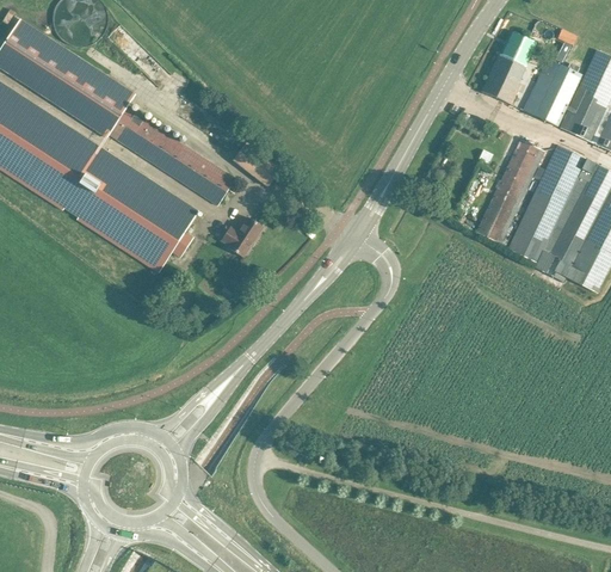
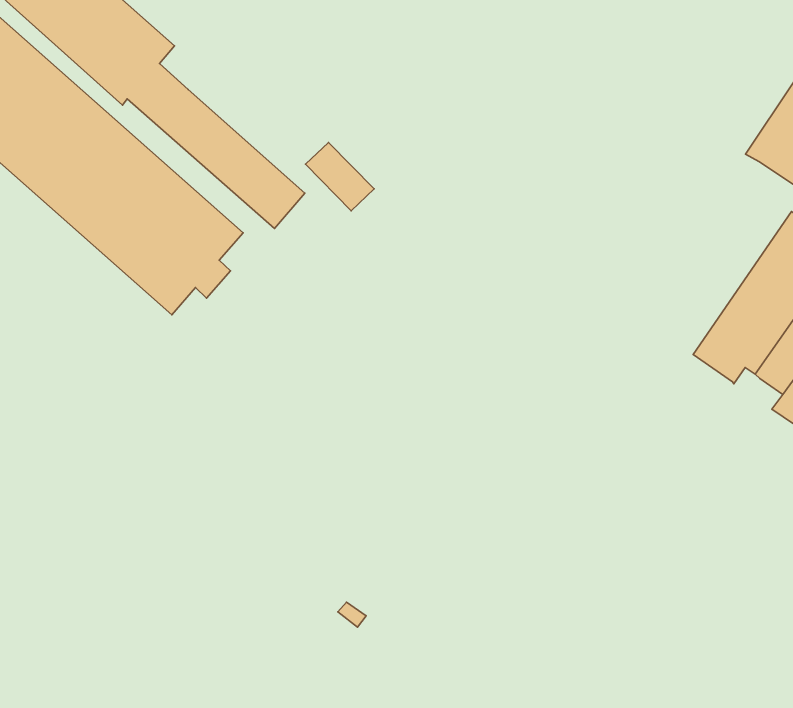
building: [482,32,536,104] -> none
building: [476,140,544,244] -> none
building: [221,217,263,258] -> none

